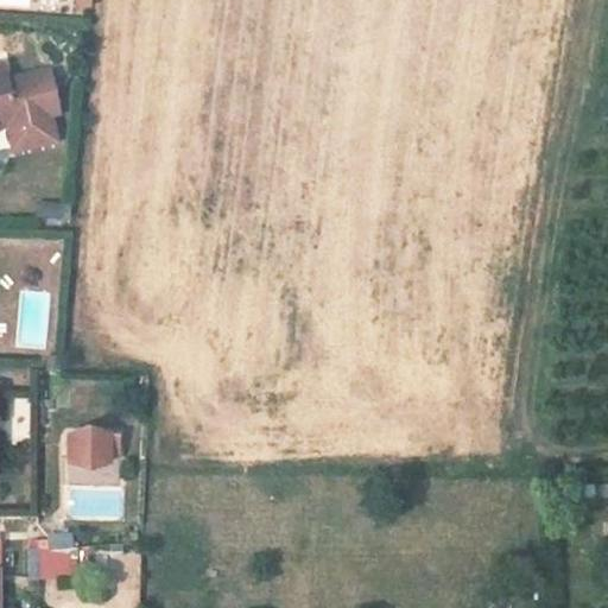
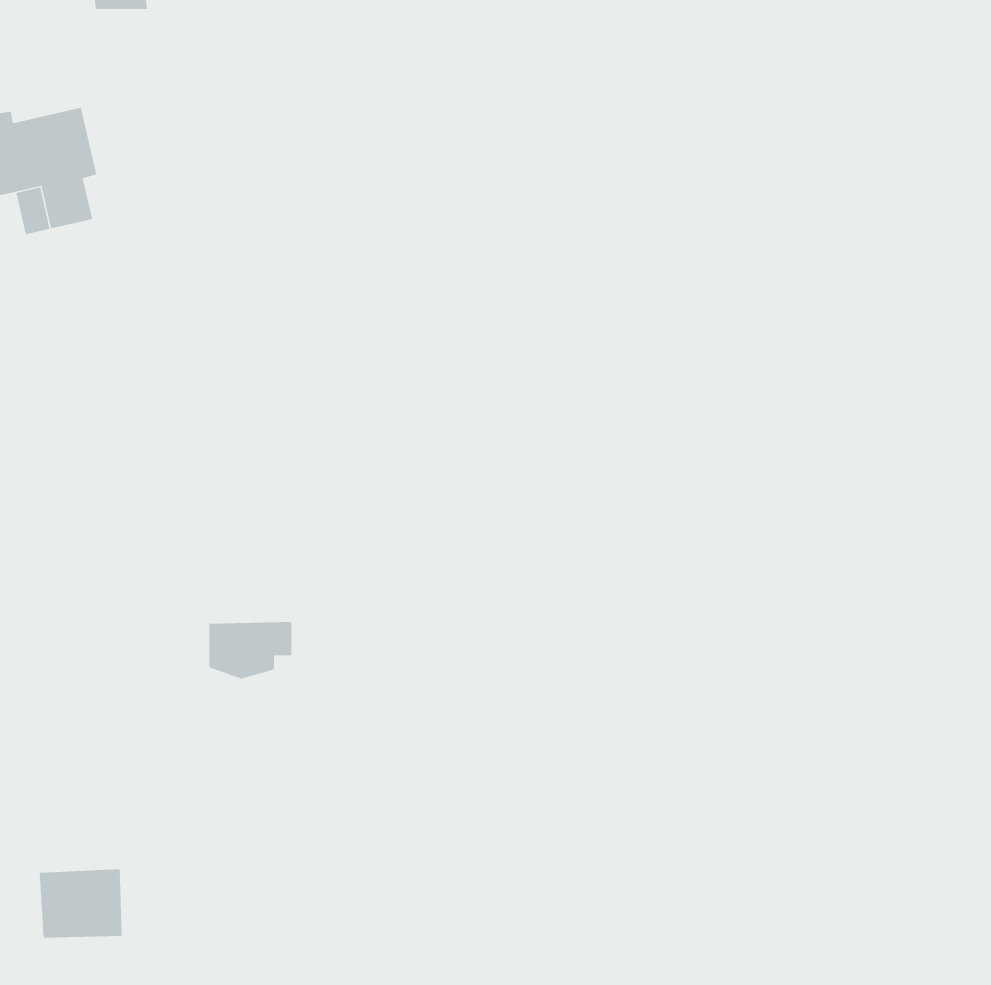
building: [68,442,119,477] -> [209,621,292,679]

